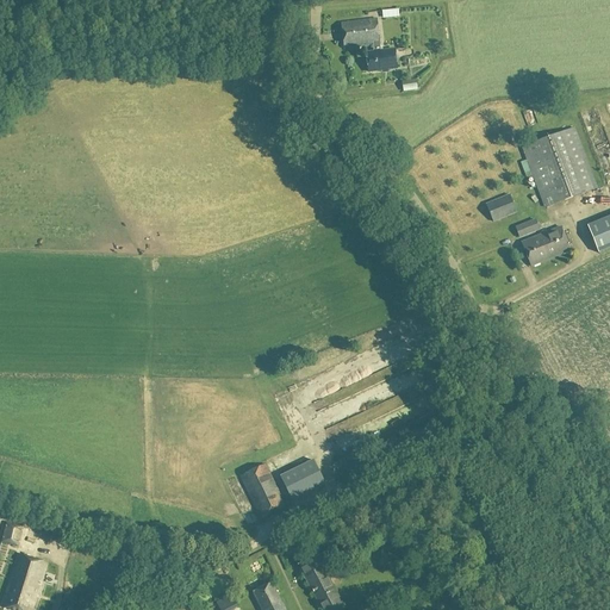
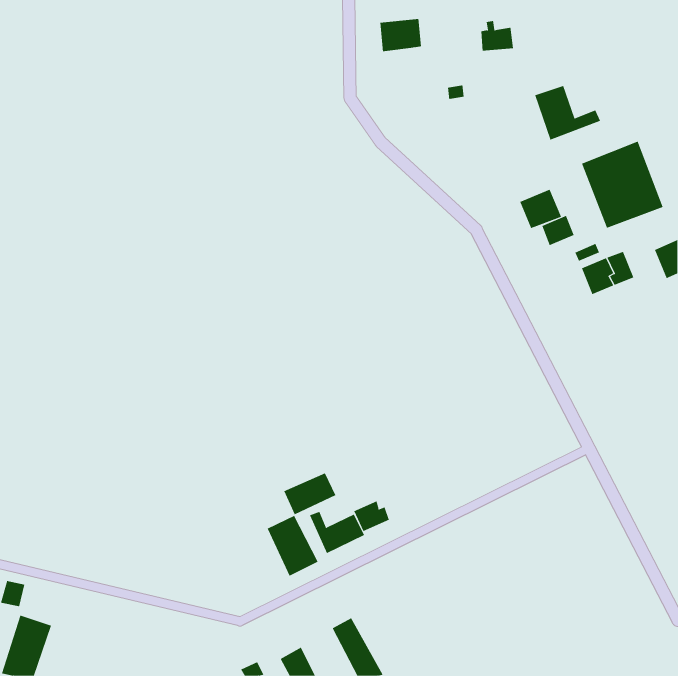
building: [367,42,397,69] -> [481,21,514,51]
building: none -> [535,85,601,140]
building: none -> [519,189,562,229]
building: none -> [284,473,336,515]
building: none -> [353,500,390,532]

